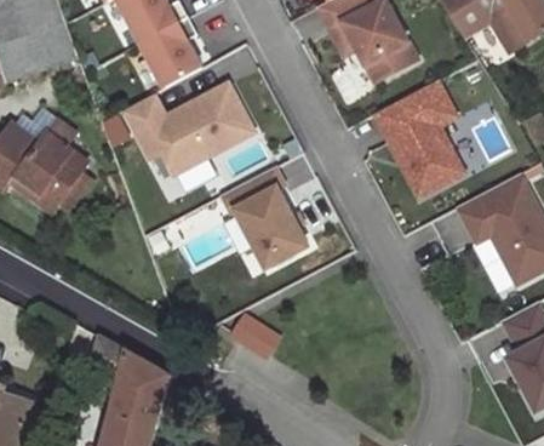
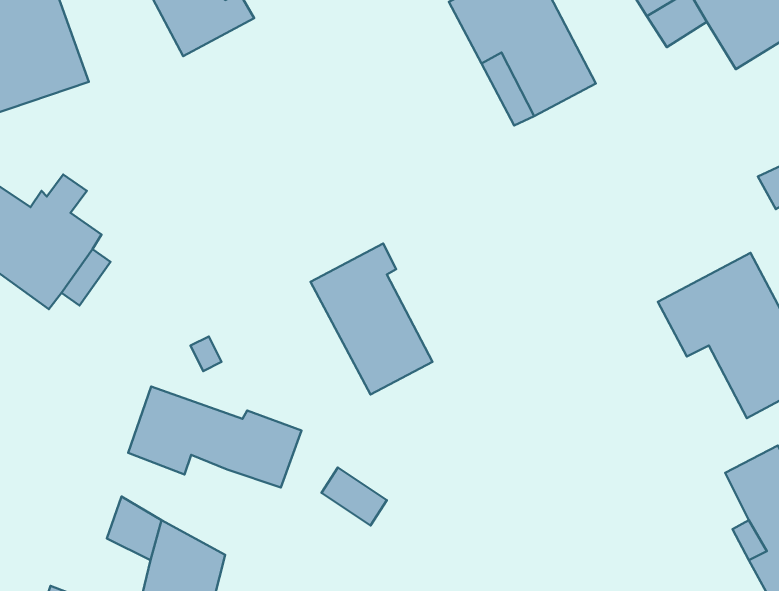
building: [141,17,201,87] -> none
building: [374,80,464,196] -> none
building: [124,84,253,175] -> none
building: none -> [128,386,301,487]

